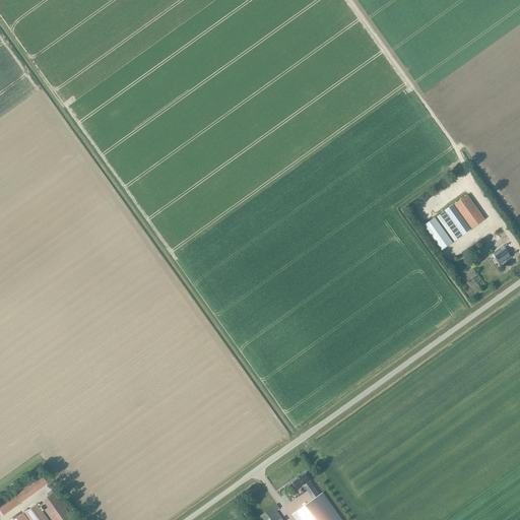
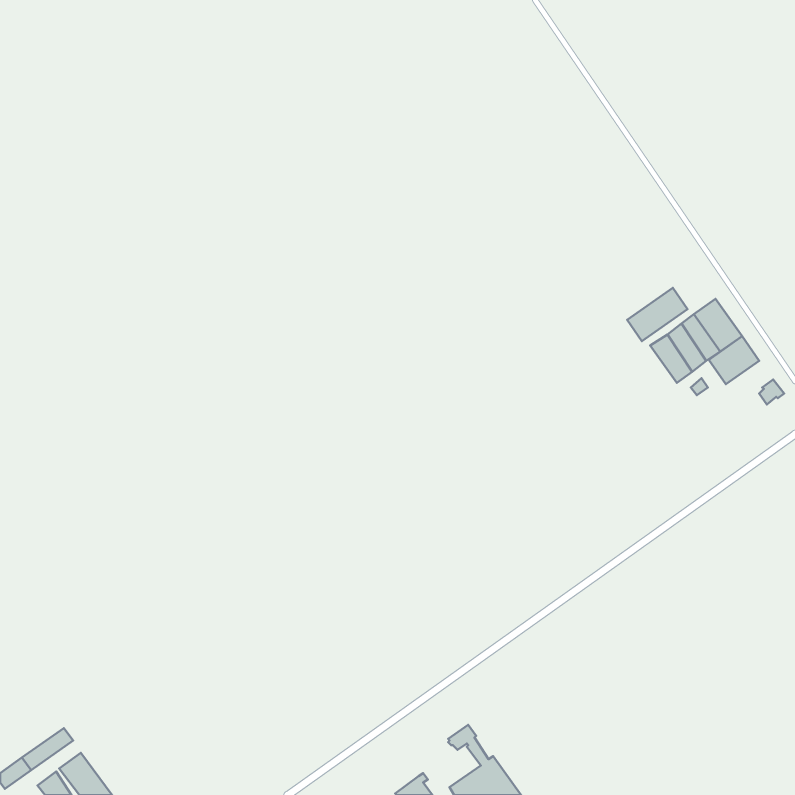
building: none -> [627,288,688,341]
building: none -> [709,336,759,384]

